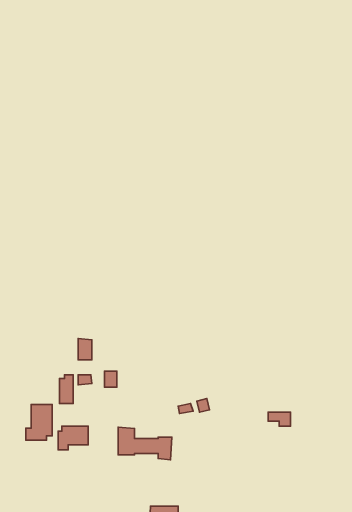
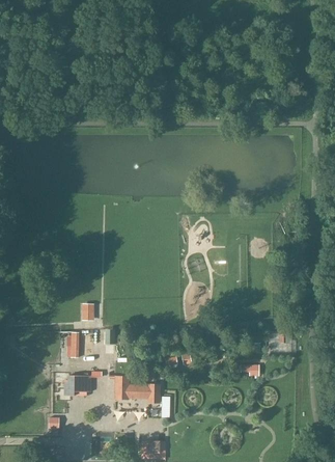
building: [26,404,52,440] -> none

